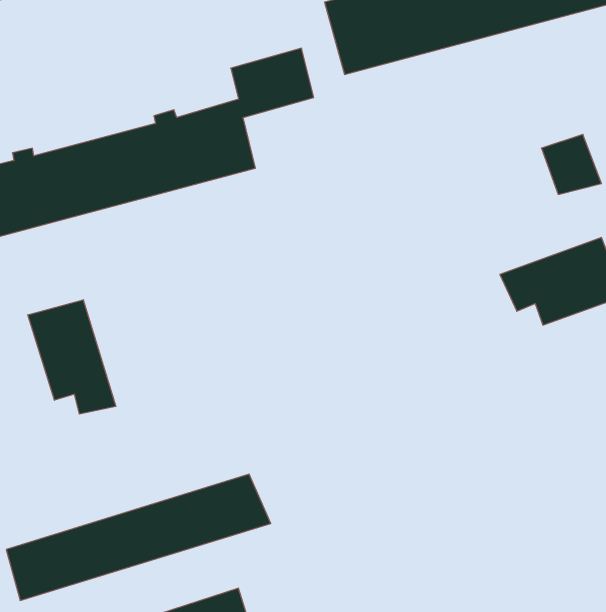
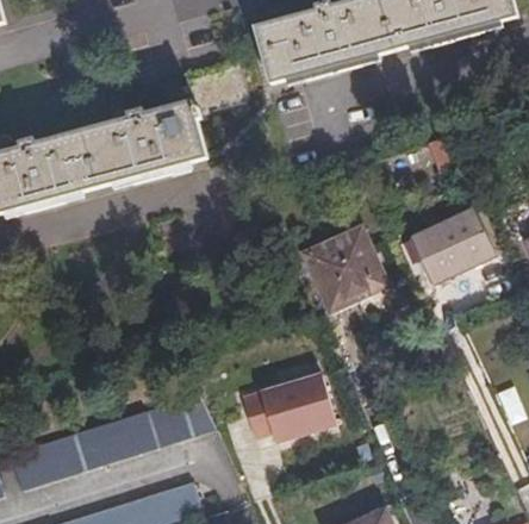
building: none -> [303,226,387,310]
building: [28,300,116,414] -> none
building: none -> [243,369,347,449]

